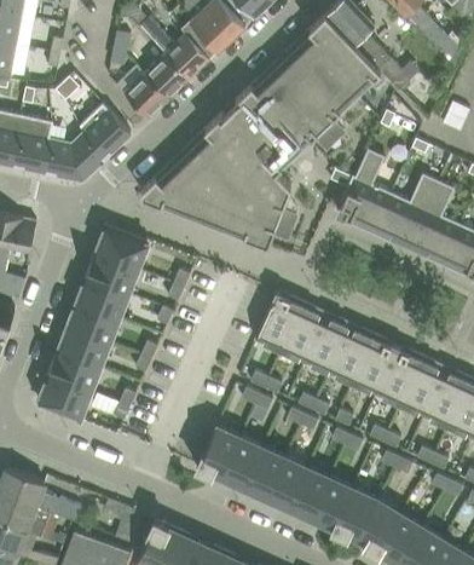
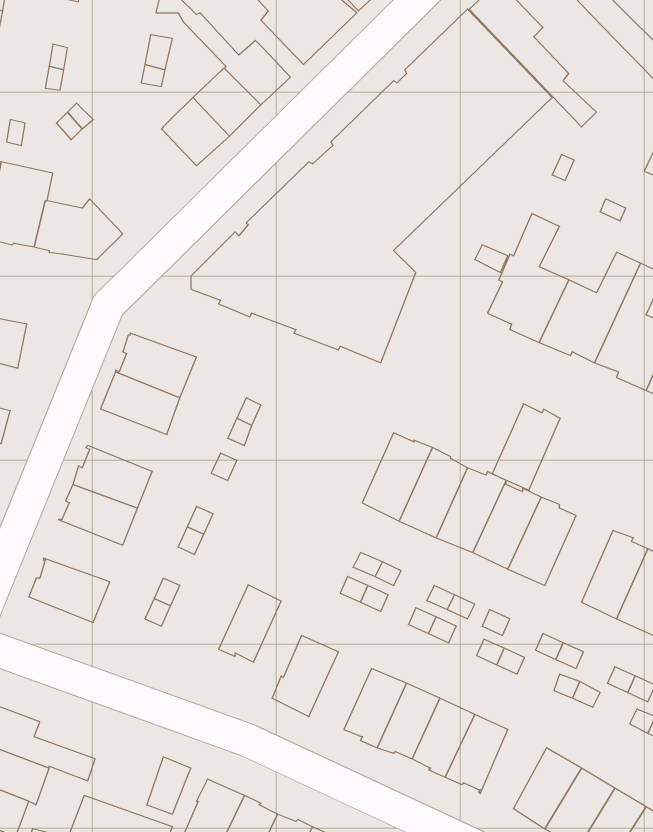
building: [77,104,131,162] -> none
building: [76,277,128,318] -> none
building: [376,347,421,404] -> [492,404,560,490]
building: [47,350,99,391] -> none
building: [221,437,262,488] -> [219,585,281,662]
building: [334,488,377,540] -> none

